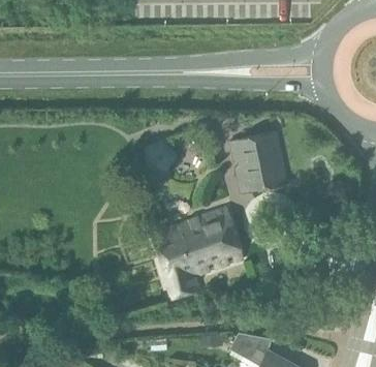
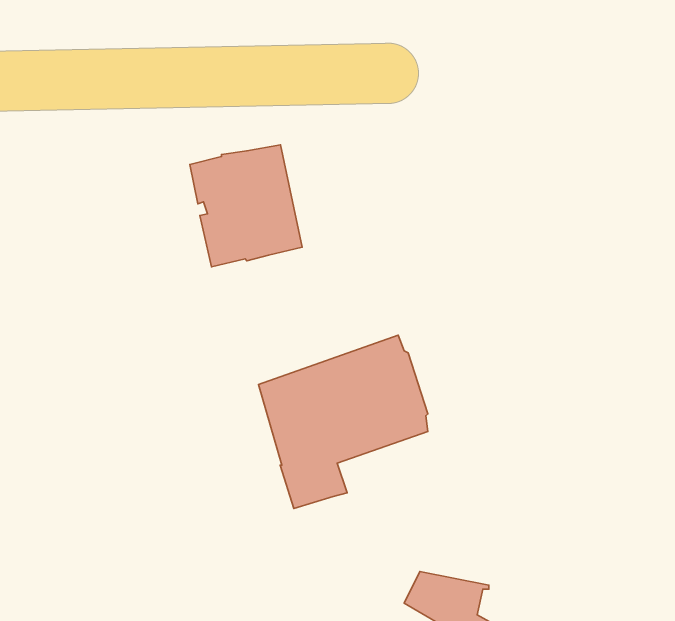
building: [230,129,289,193] -> [190,145,302,267]

